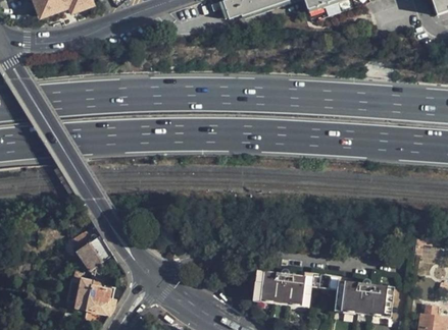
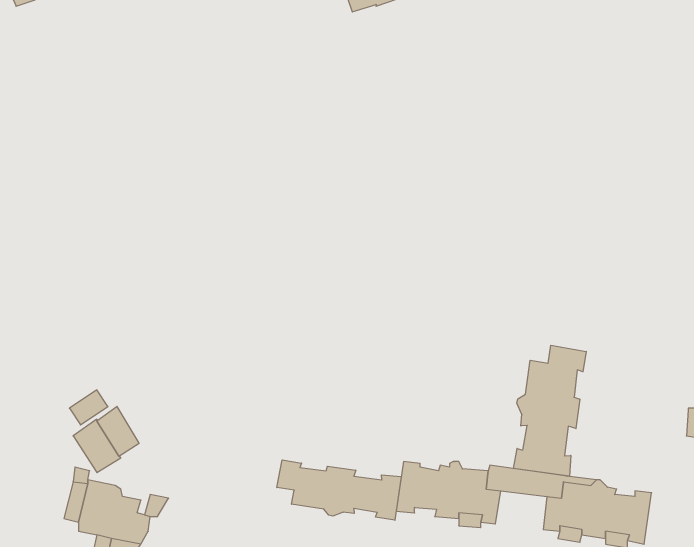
building: none -> [514,345,586,476]
building: none -> [277,460,401,520]

